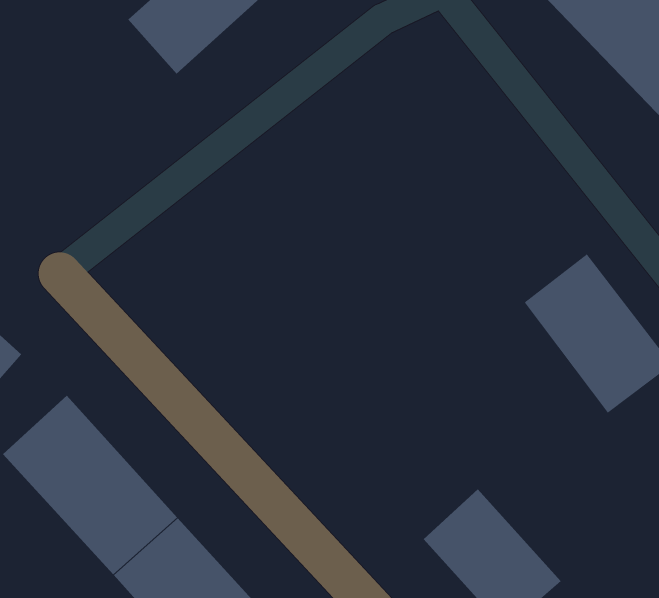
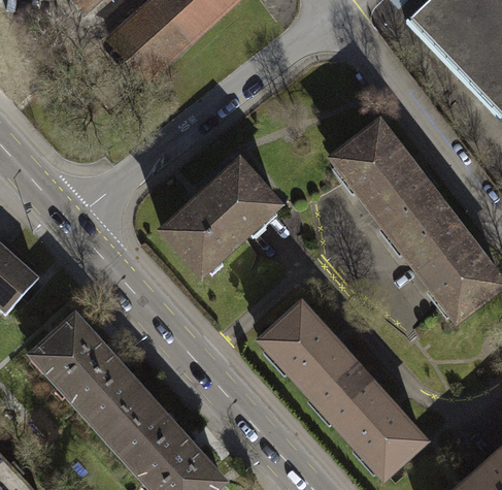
building: none -> [335,126,442,241]
building: none -> [164,165,276,273]
building: none -> [263,306,364,411]

